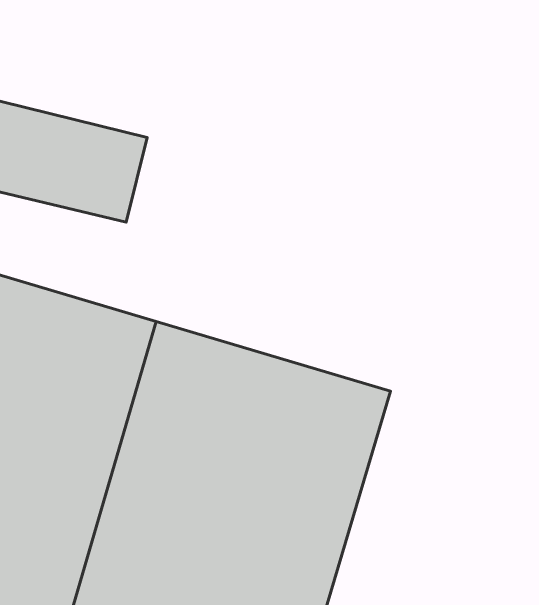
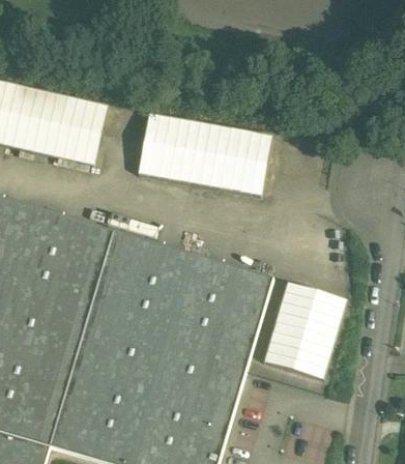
building: none -> [143,117,276,201]
building: none -> [263,281,344,377]

